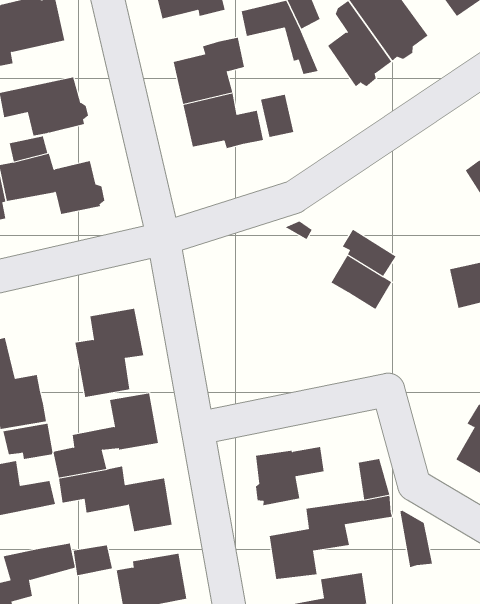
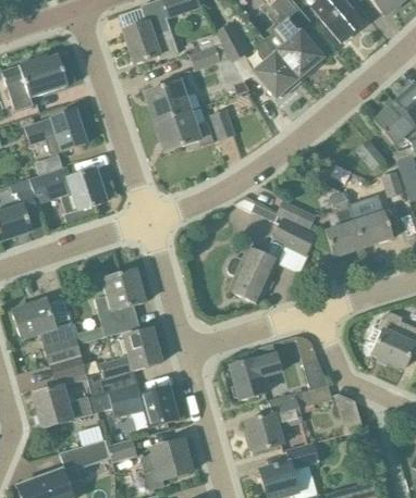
building: none -> [325,189,363,257]
building: none -> [227,237,285,302]

